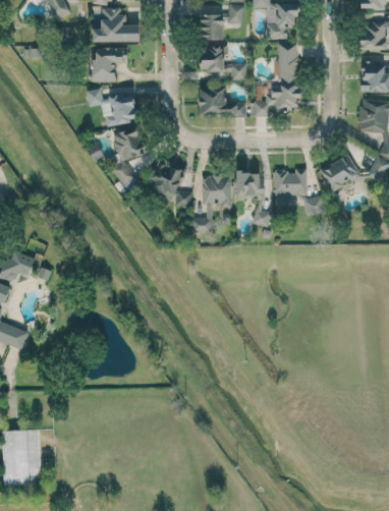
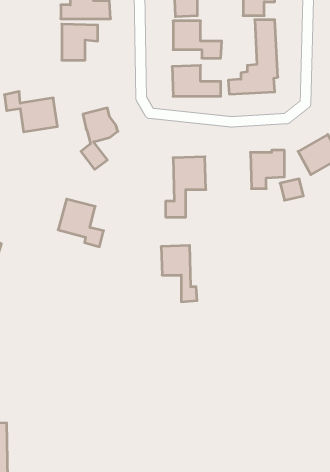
building: [87,88,137,126] -> [4,92,57,132]
building: [148,163,191,209] -> [58,199,104,247]
building: [235,171,270,225] -> [161,245,197,302]

